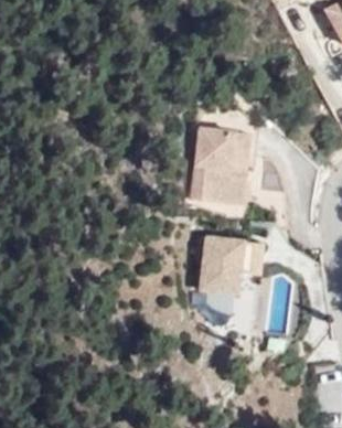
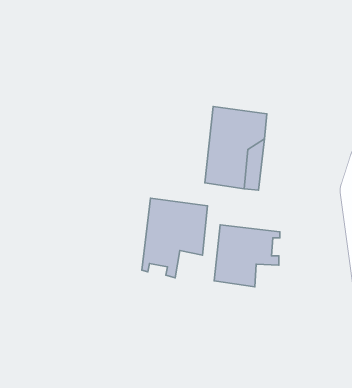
building: none -> [142,198,207,278]

